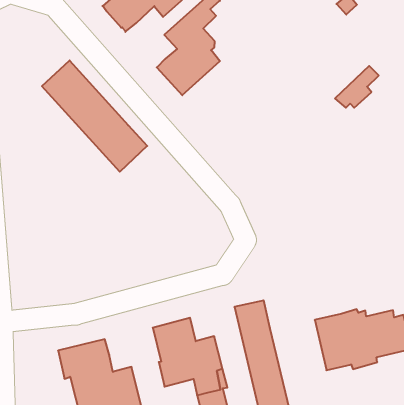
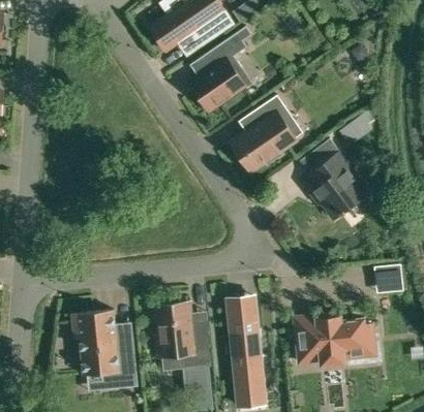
building: [42,60,147,172] -> none
building: none -> [231,95,295,170]
building: none -> [299,138,362,218]

